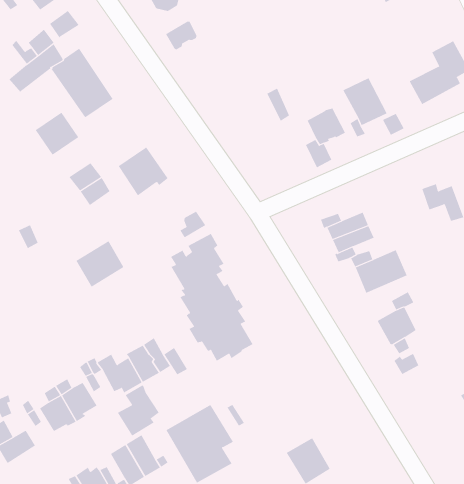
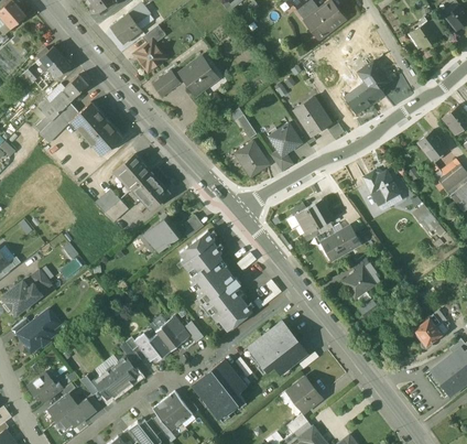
building: none -> [181,59,215,94]
building: [35,112,79,156] -> [116,155,150,189]
building: none -> [236,142,269,177]
building: [76,240,124,288] -> [143,216,181,253]
building: none -> [243,322,307,376]
building: [117,385,160,436] -> none

